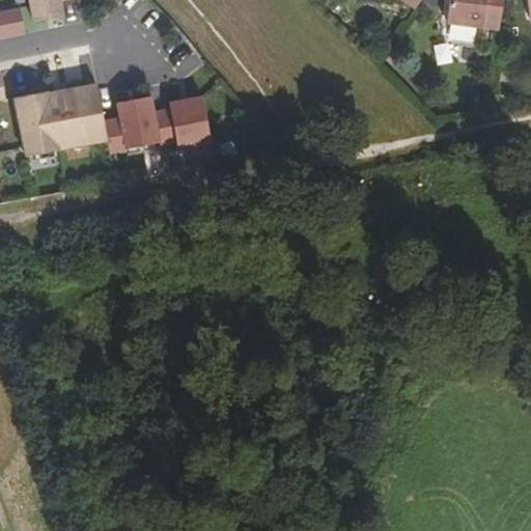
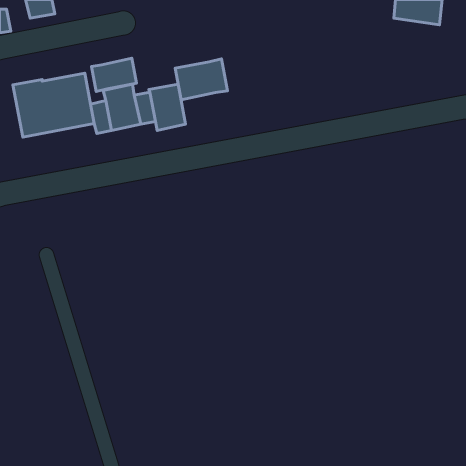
building: none -> [92,58,137,92]
building: none -> [175,59,227,100]

